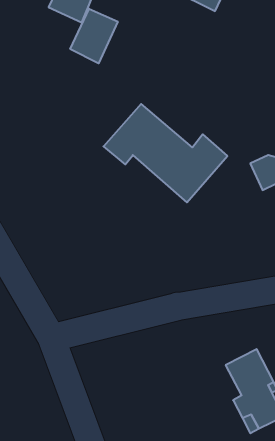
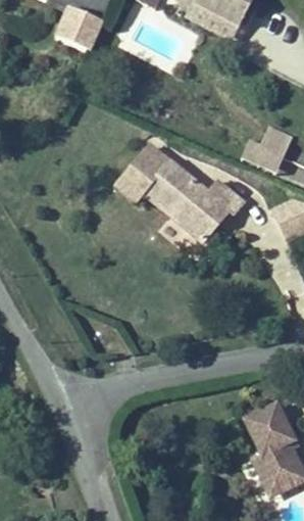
building: [70,9,118,63] -> none
building: none -> [242,124,293,172]

